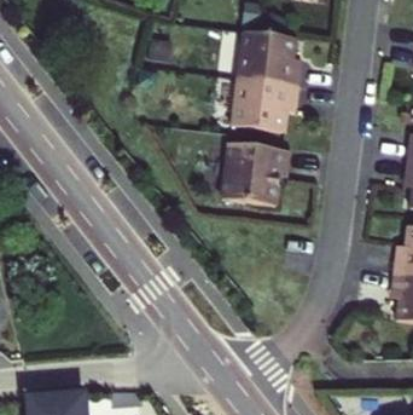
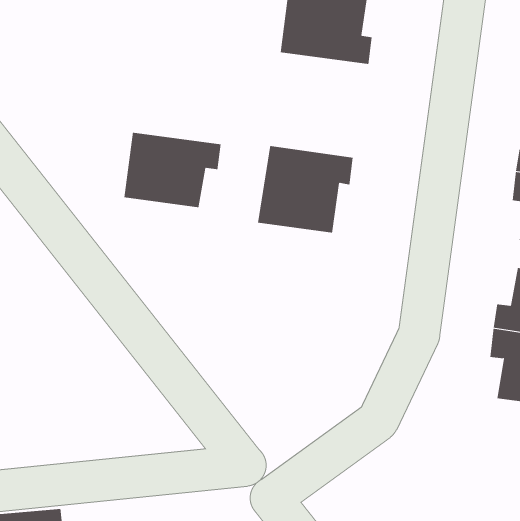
building: [231,71,299,125] -> [124,132,222,208]

